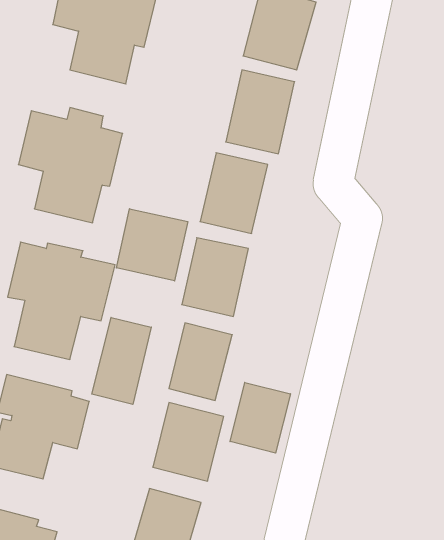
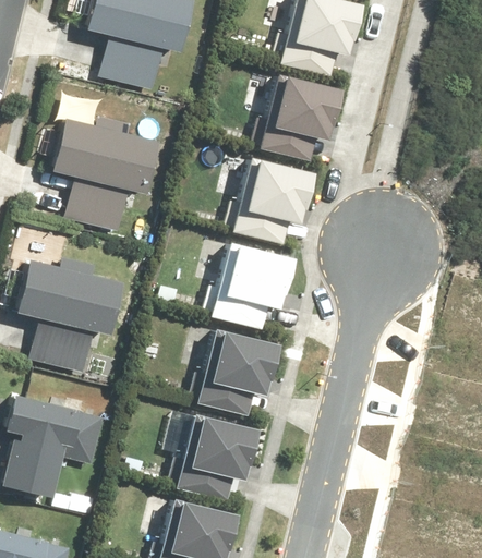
building: [116,209,188,281] -> none
building: [92,317,151,404] -> none
building: [230,382,290,453] -> none

